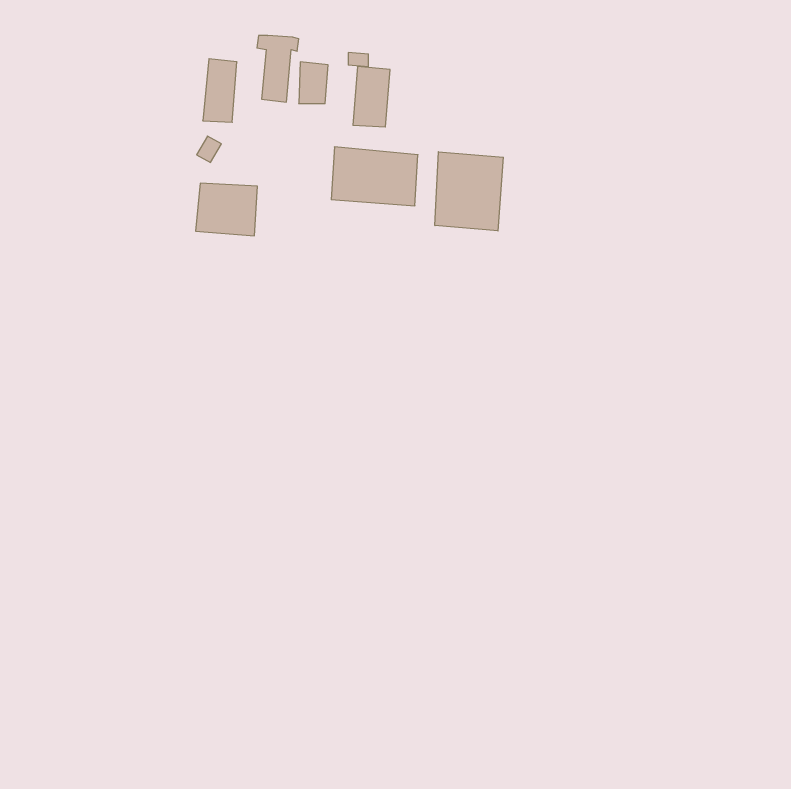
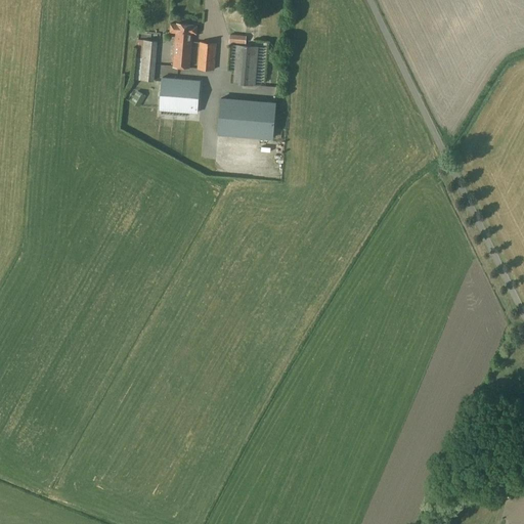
building: [435,152,503,231] -> none
building: [196,183,257,236] -> [159,79,200,114]

